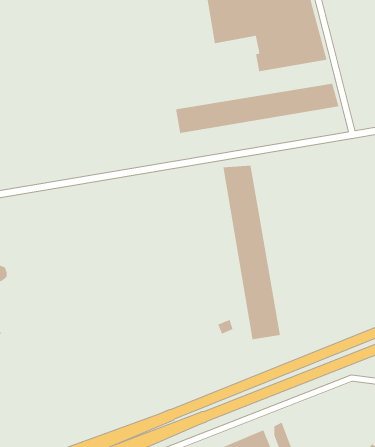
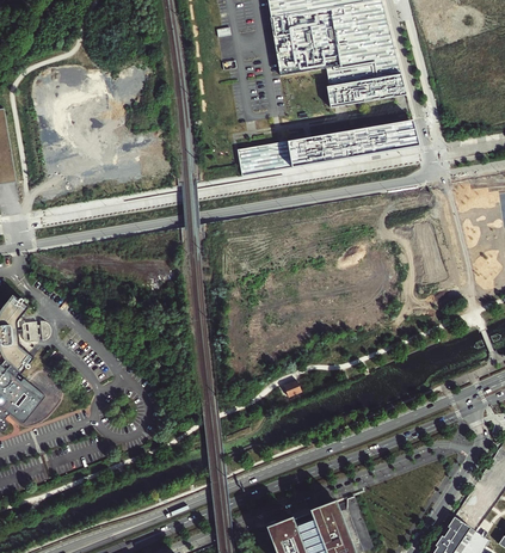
building: [223,165,281,340] -> none

